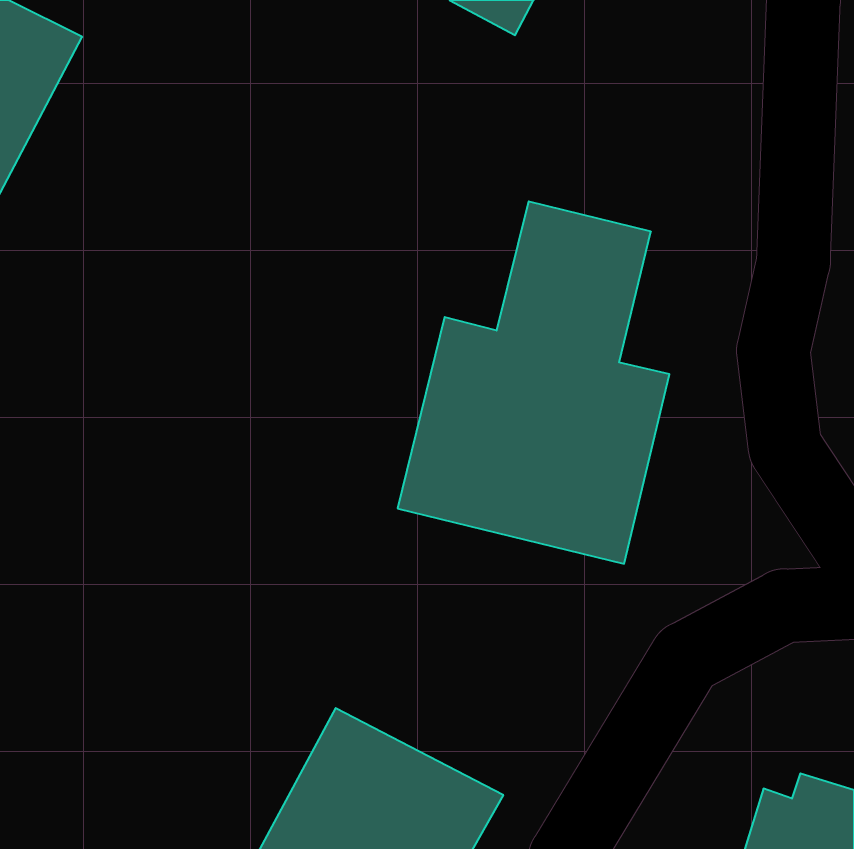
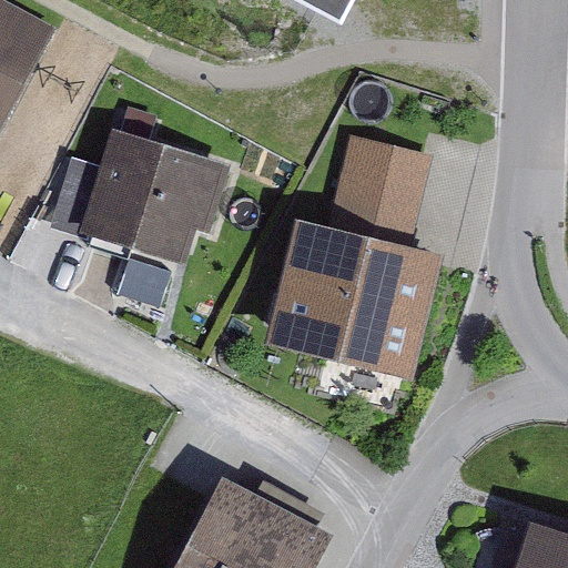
building: none -> [49,129,231,264]

